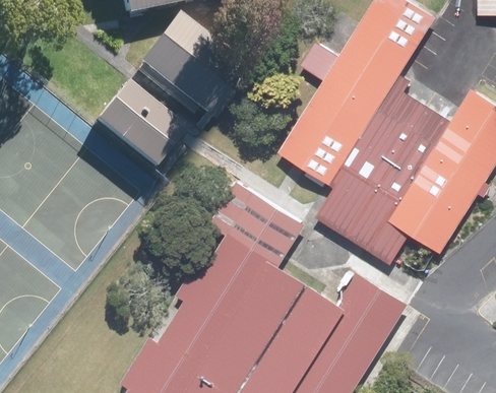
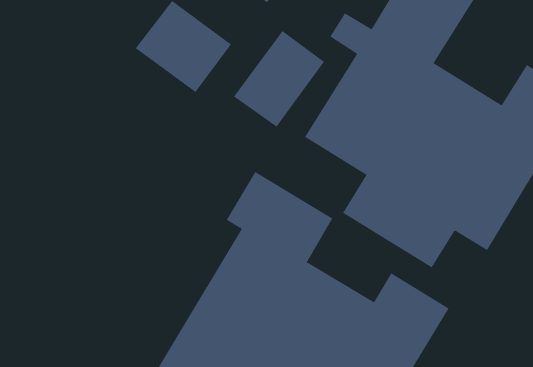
building: none -> [233,30,325,128]
building: [90,80,181,168] -> none

